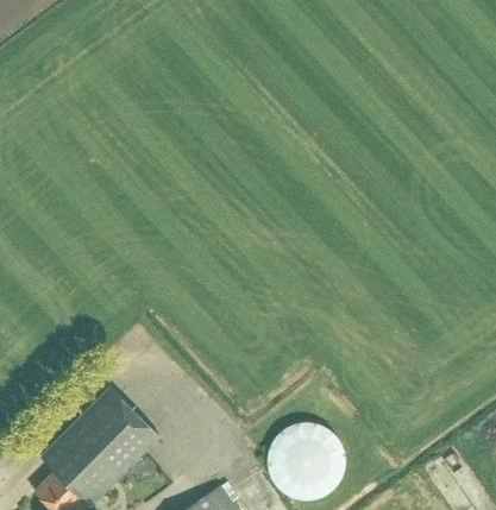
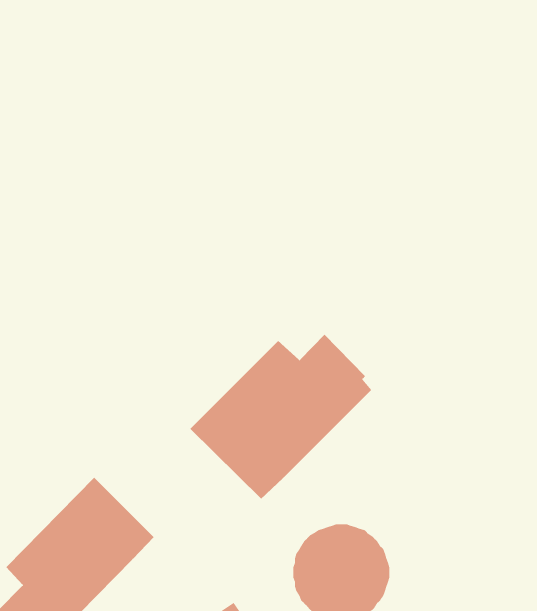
building: none -> [189,334,372,500]

